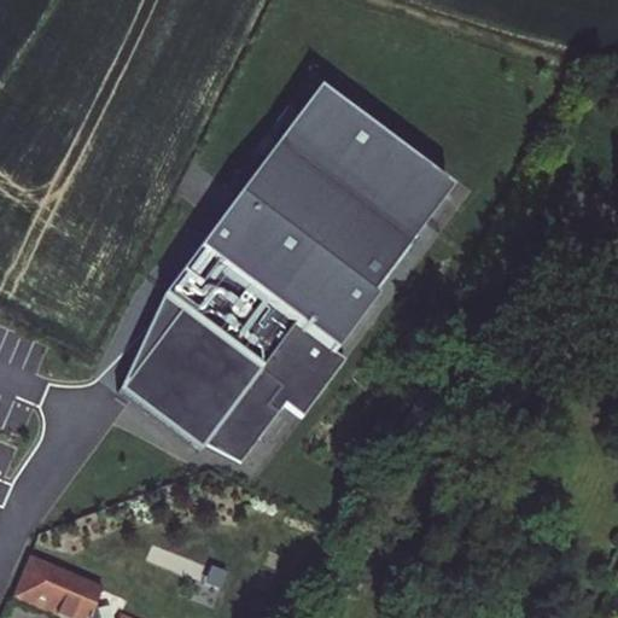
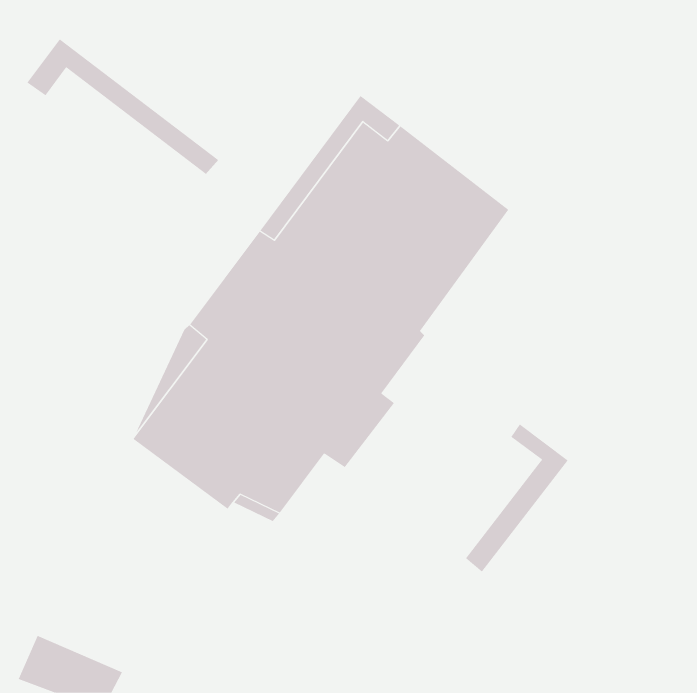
building: none -> [27,38,219,175]
building: none -> [465,424,569,573]

